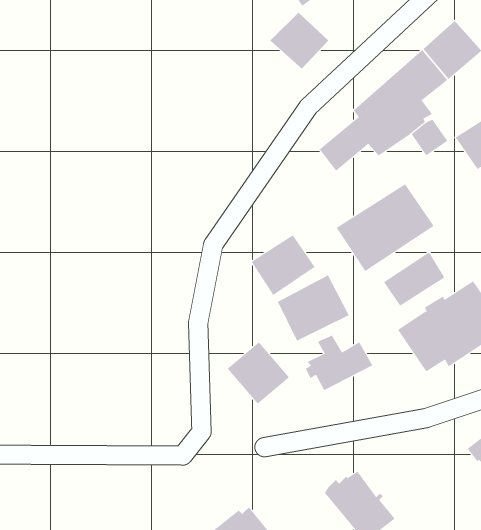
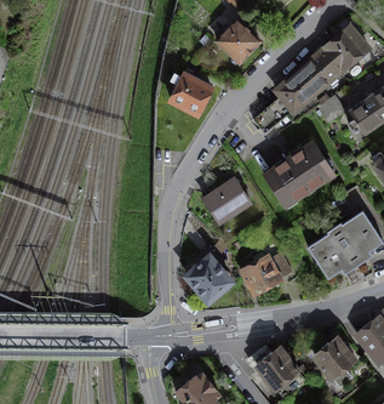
building: none -> [168,73,211,114]
building: [383,252,445,307] -> none
building: [277,274,350,341] -> none
building: none -> [313,337,353,376]

